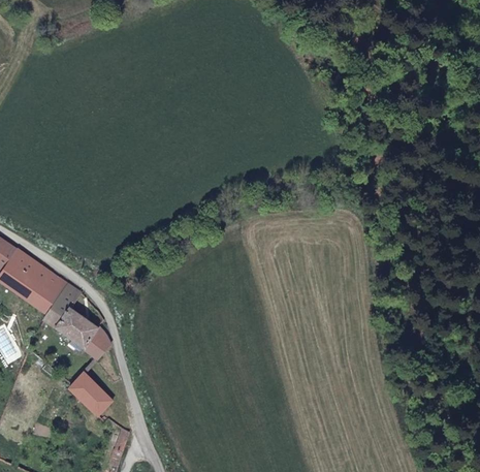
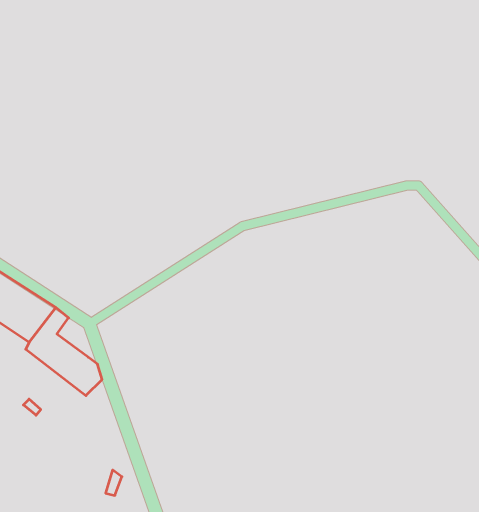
building: [69,370,114,417] -> none

